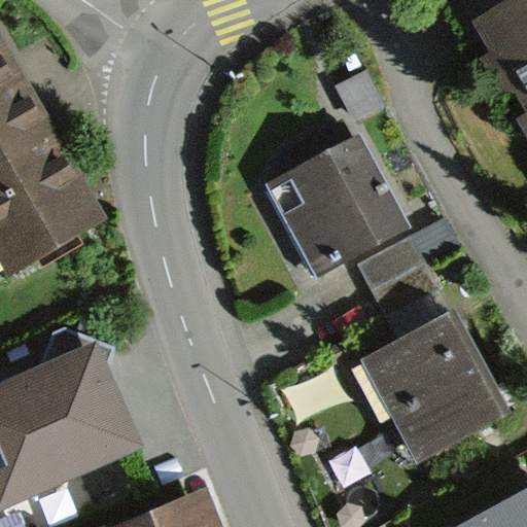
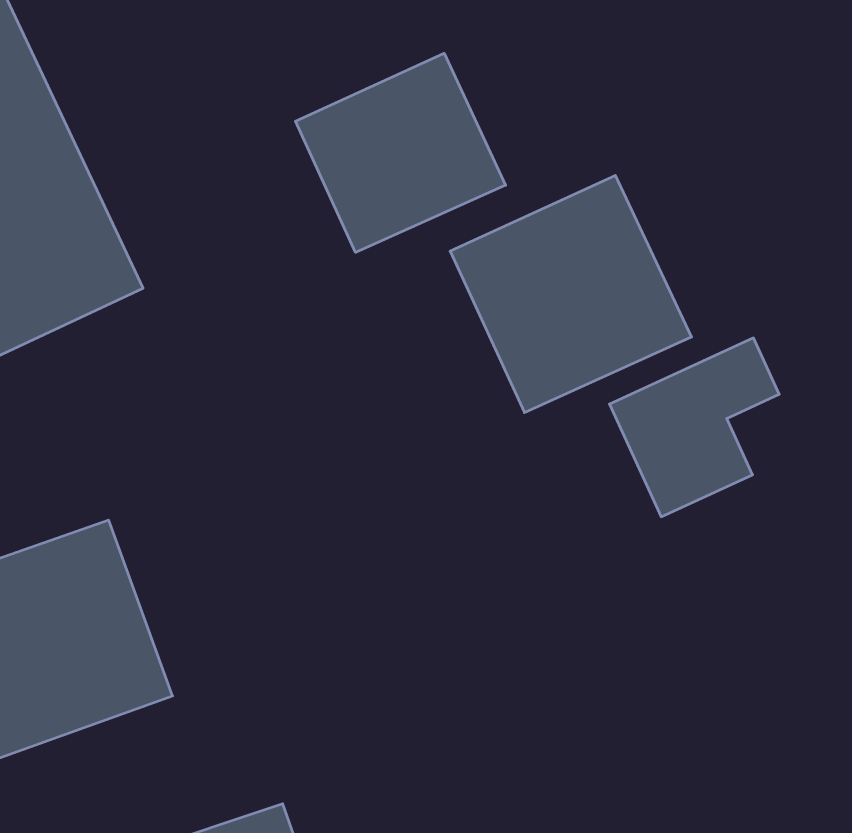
building: none -> [295,53,506,252]
building: [358,315,499,463] -> none

